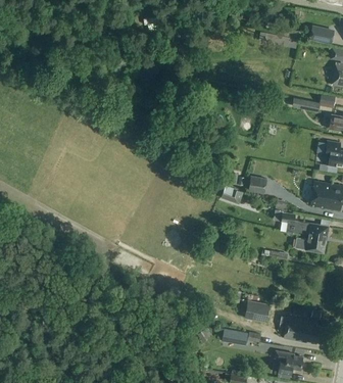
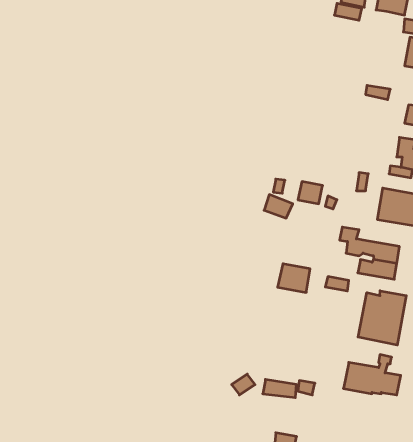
building: none -> [358,291,406,345]
building: [243,299,268,322] -> [278,264,310,292]
building: [274,350,302,375] -> none

